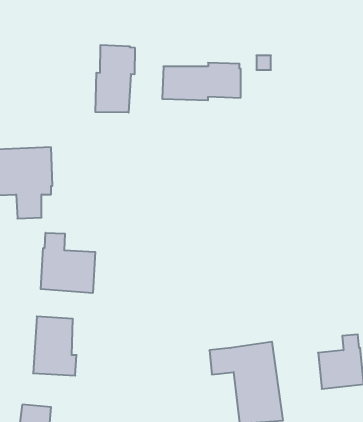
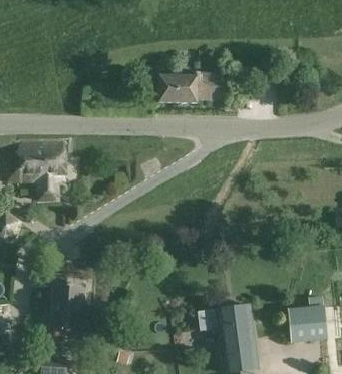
building: [95,45,135,113] -> none
building: [41,233,95,293] -> none

